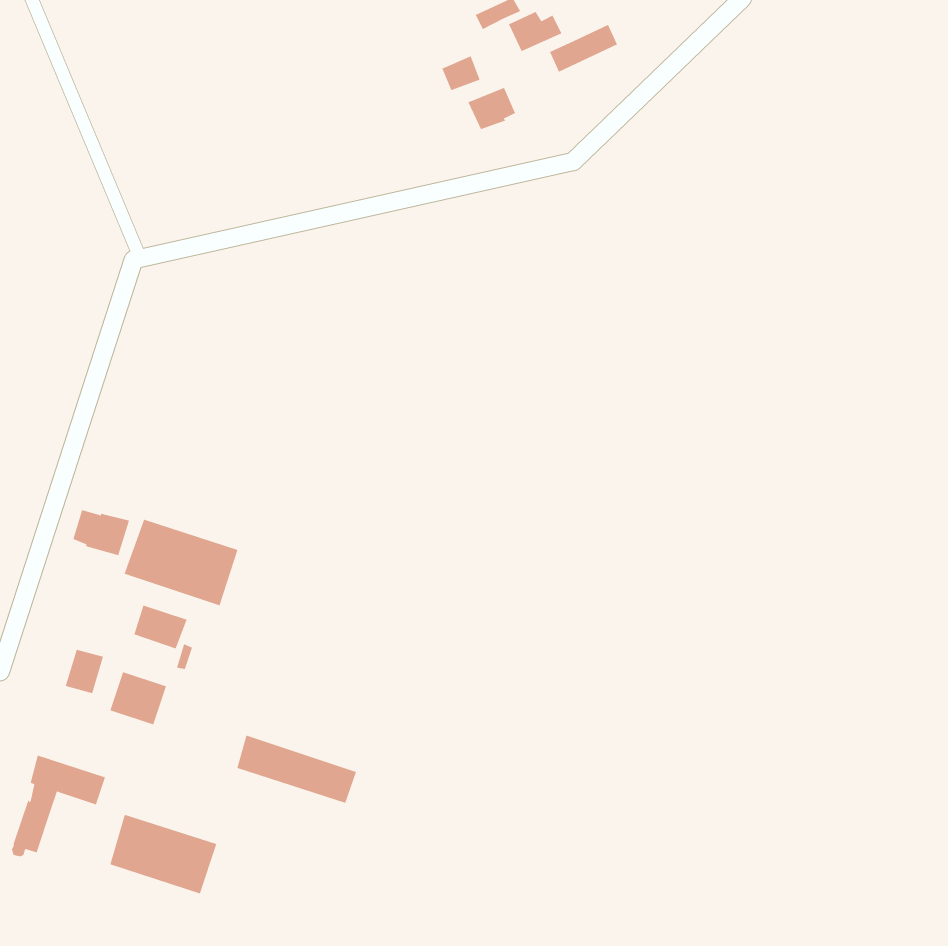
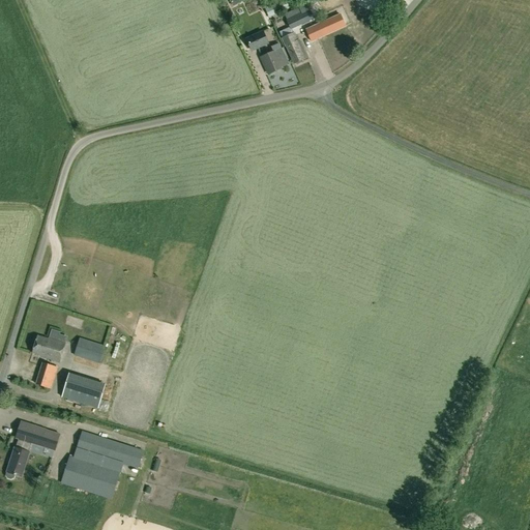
building: none -> [282,31,307,63]
building: [72,509,130,556] -> [33,335,65,361]
building: [124,519,238,606] -> none
building: [236,735,357,803] -> [77,430,144,468]

